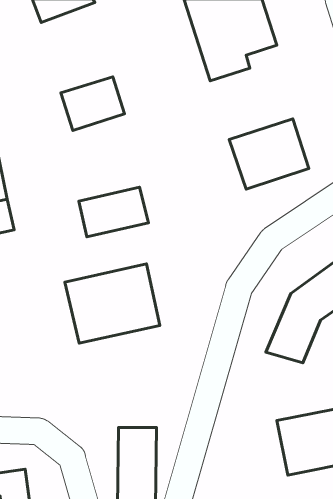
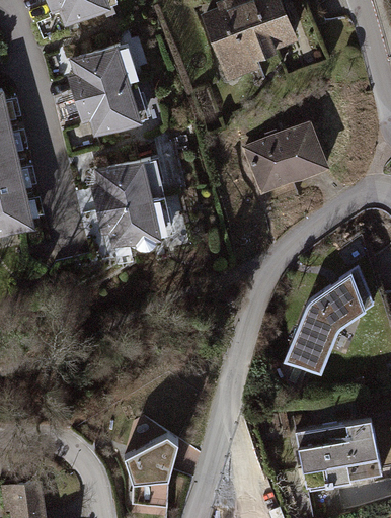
building: none -> [65,42,130,97]
building: none -> [85,155,157,207]
building: [65,264,160,343] -> none

